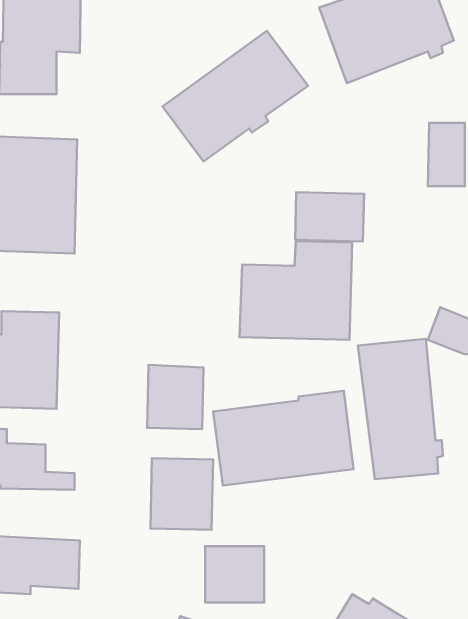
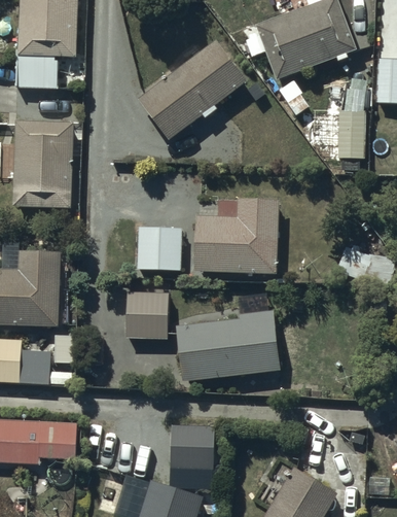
building: [295,192,364,241] -> none
building: none -> [137,228,183,271]
building: [358,339,443,479] -> none
building: [150,458,213,530] -> none

